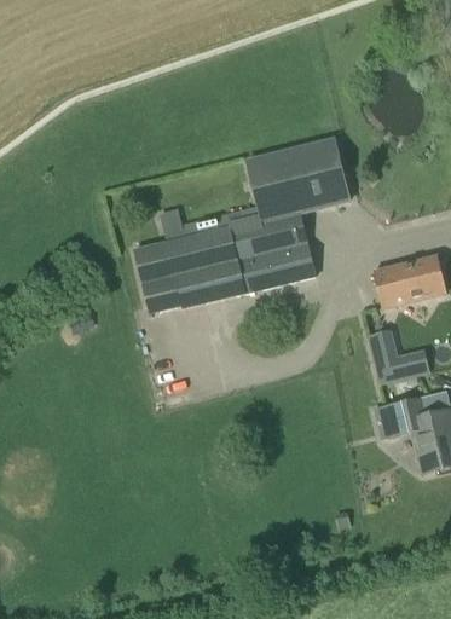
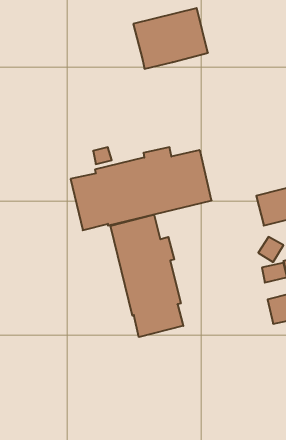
building: [249,140,346,219] -> [133,8,208,69]
building: none -> [111,215,183,337]

